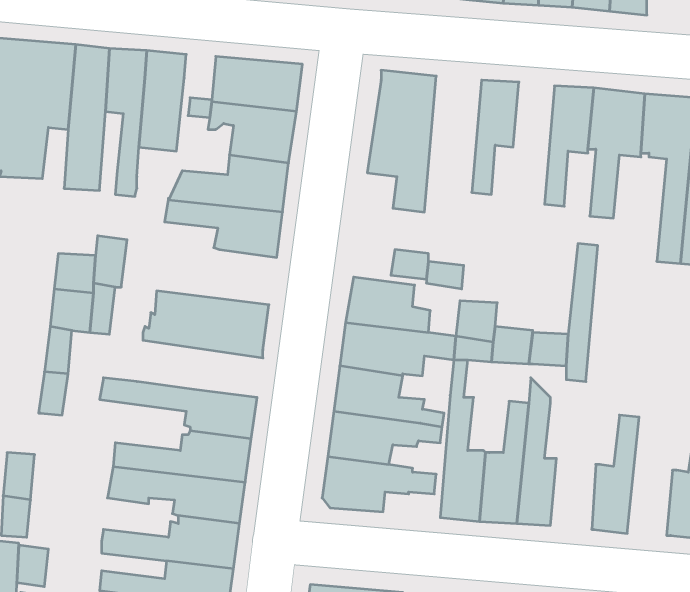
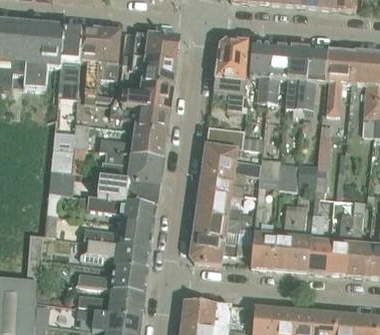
building: none -> [250,41,272,100]
building: none -> [288,44,309,114]
building: none -> [104,129,167,157]
building: none -> [96,176,160,205]
building: none -> [346,200,369,275]
building: none -> [307,212,330,272]

